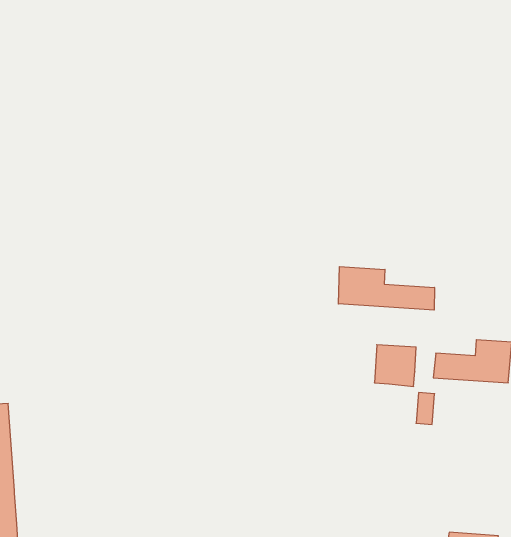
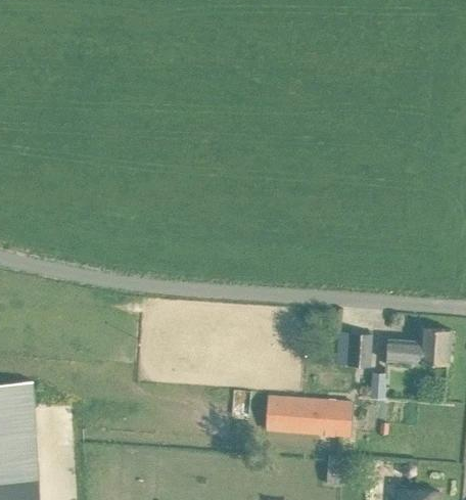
building: [338,267,434,310] -> none
building: none -> [265,398,353,437]

